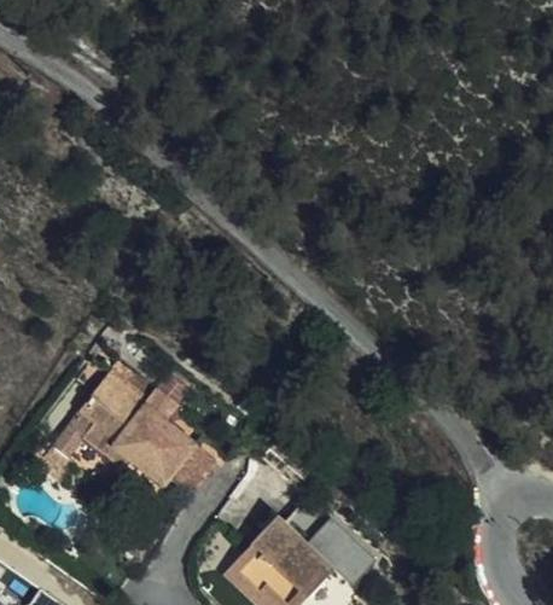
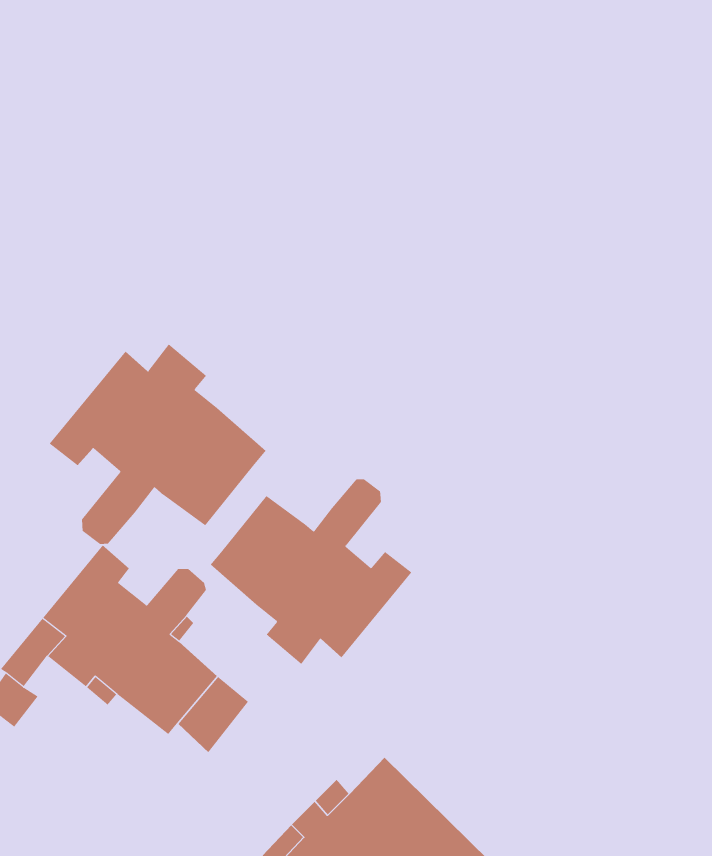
building: none -> [49,343,267,545]
building: none -> [210,478,412,665]

